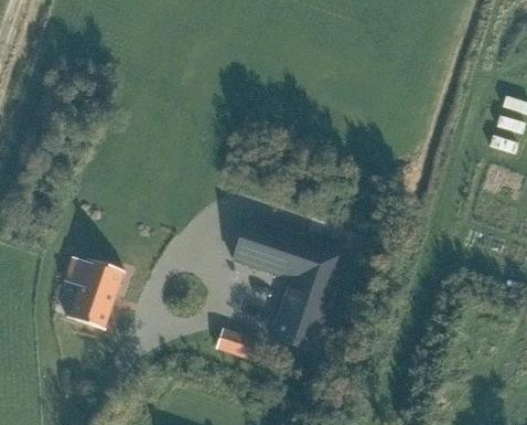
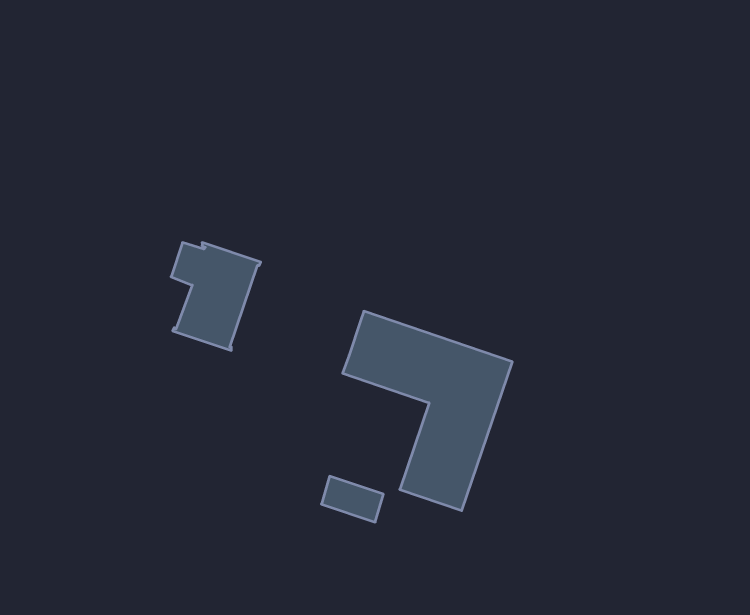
building: [65,257,126,330] -> [171,243,261,350]

